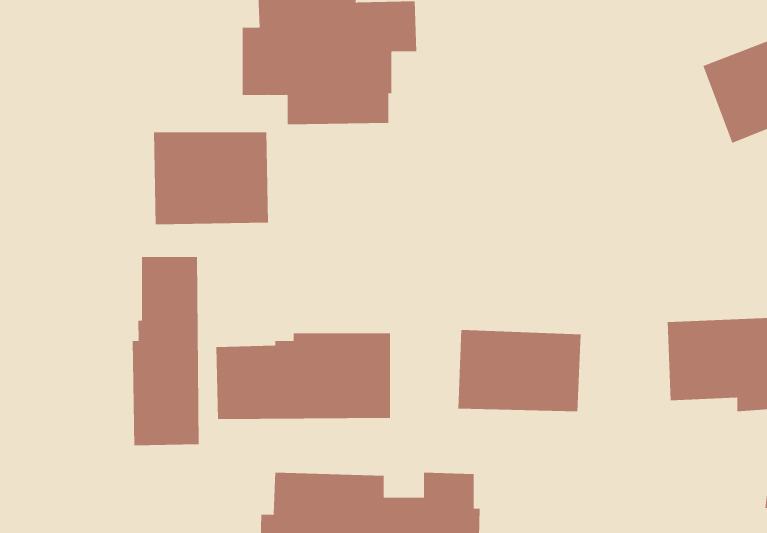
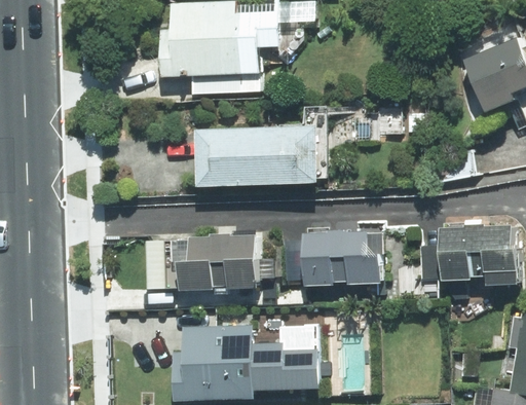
building: [153,131,269,225] -> none
building: none -> [198,125,325,185]
building: [132,256,199,446] -> none

